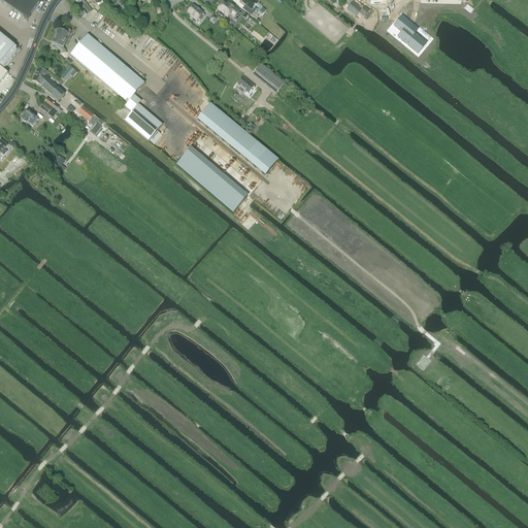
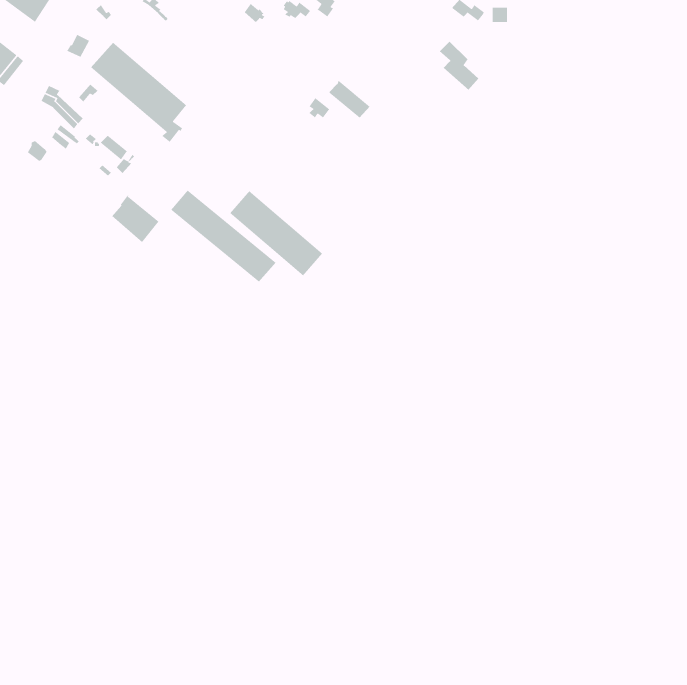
building: [392,15,423,54] -> [439,41,479,91]
building: [124,100,161,138] -> [111,193,160,243]
building: [196,101,277,172] -> [170,190,277,283]

